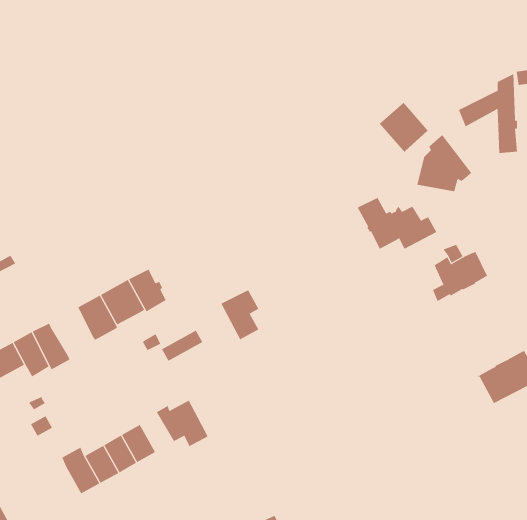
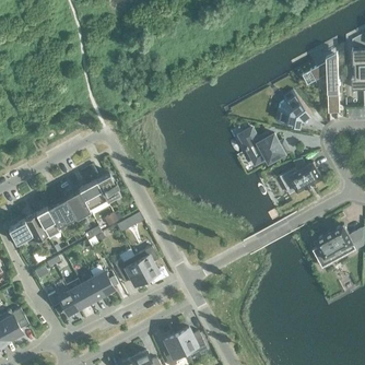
building: [379,102,430,153] -> none
building: [221,289,259,340] -> [133,248,157,280]
building: none -> [46,199,73,227]

